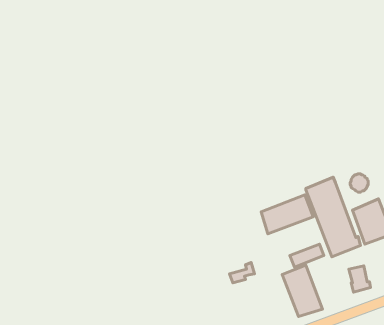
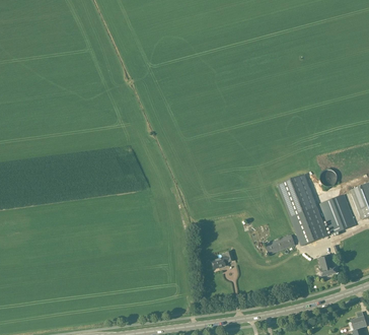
building: [261,195,313,234] -> none
building: [282,265,323,317] -> none

